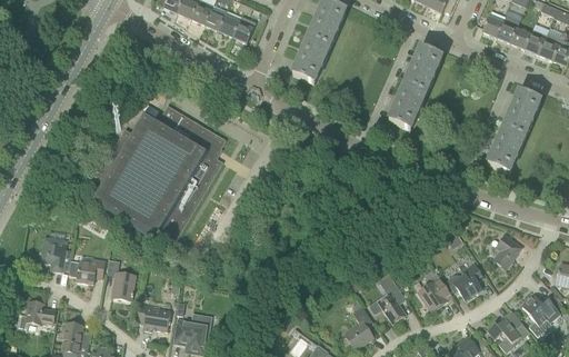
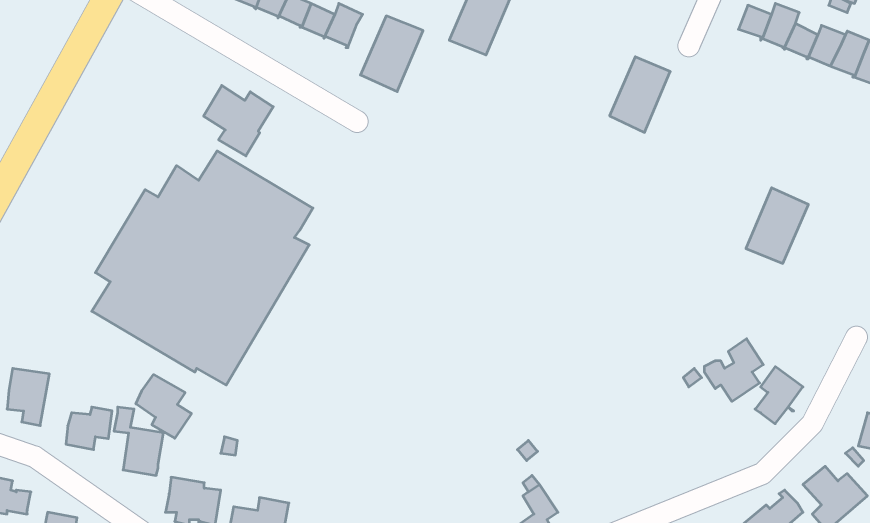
building: [292,38,330,83] -> [360,16,423,92]
building: none -> [204,85,273,156]
building: [388,83,426,129] -> none
building: [502,91,540,137] -> none
building: none -> [136,375,191,438]
building: [448,261,483,299] -> [704,339,763,401]
building: [418,270,451,310] -> none
building: [378,272,406,324] -> none

